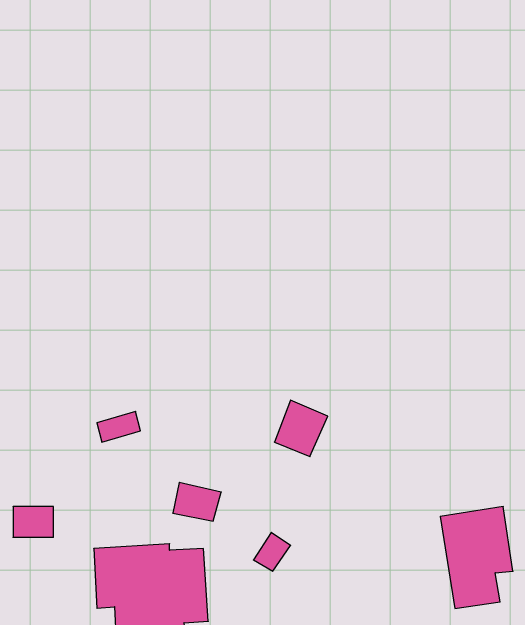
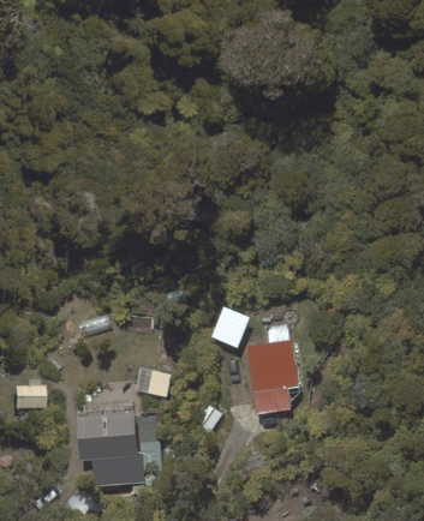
building: [440,507,513,608] -> [245,339,299,414]

